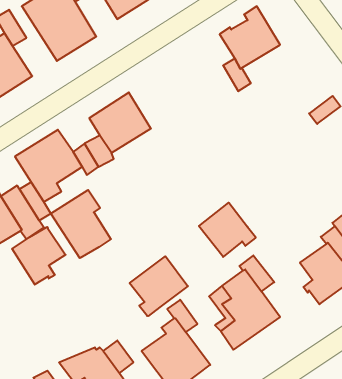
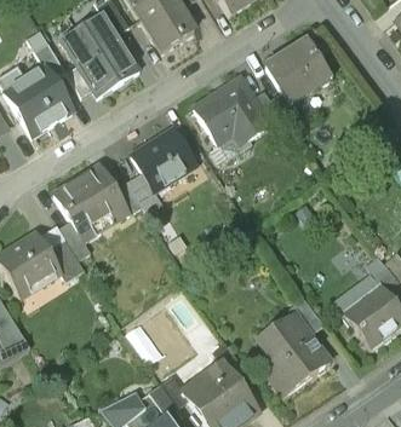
building: none -> [195,79,269,144]
building: [51,190,111,258] -> none
building: [199,203,256,257] -> none
building: [12,227,66,285] -> none
building: [130,256,188,316] -> none

